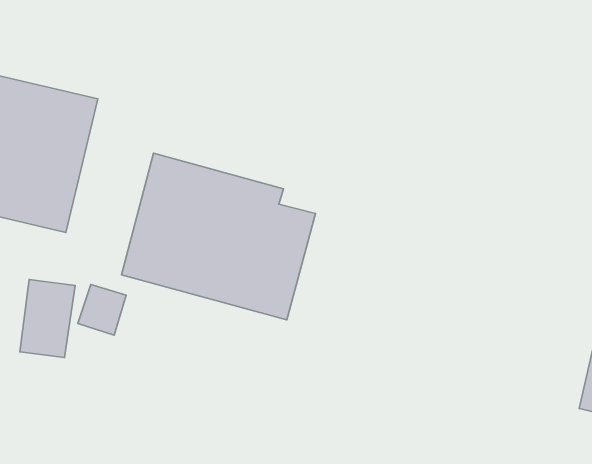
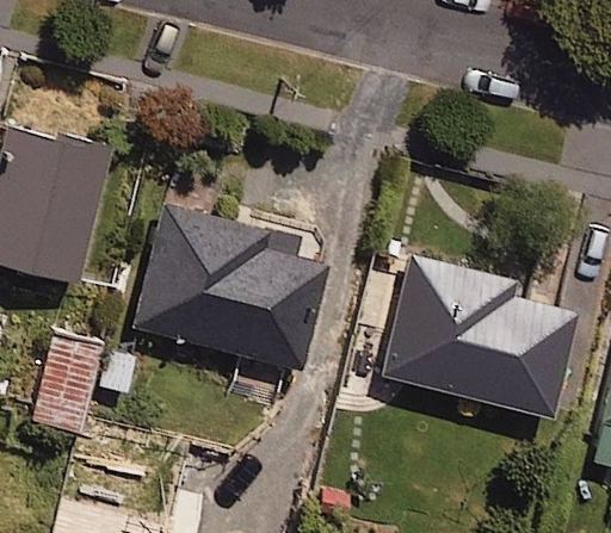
building: none -> [382,256,576,419]

